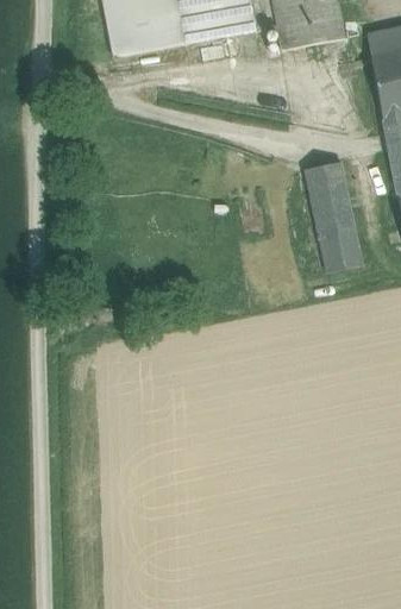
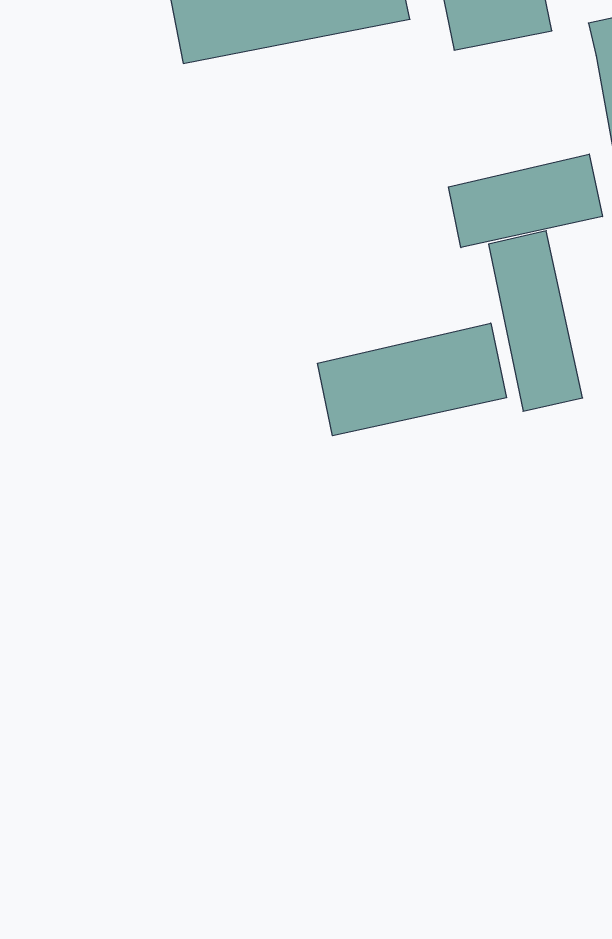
building: none -> [448,154,602,248]
building: none -> [318,323,506,436]

